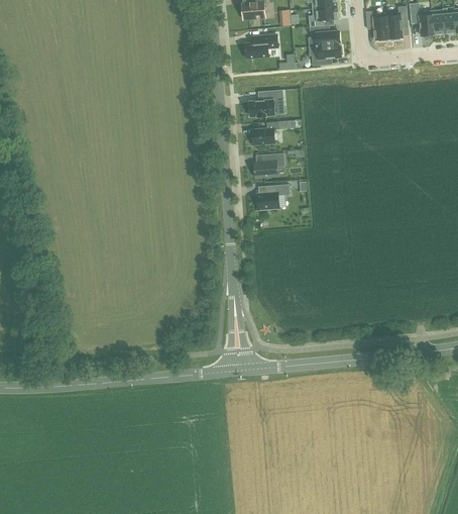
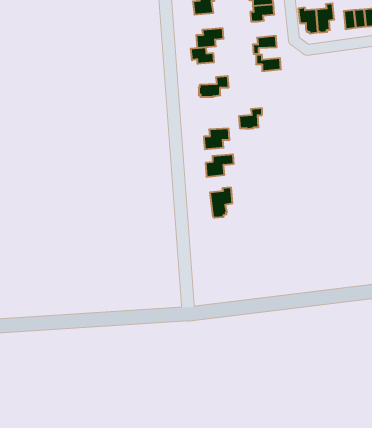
building: [310,26,339,45] -> [256,55,281,71]
building: none -> [191,47,214,64]
building: [251,120,278,144] -> [239,108,262,129]
building: none -> [210,187,232,218]

